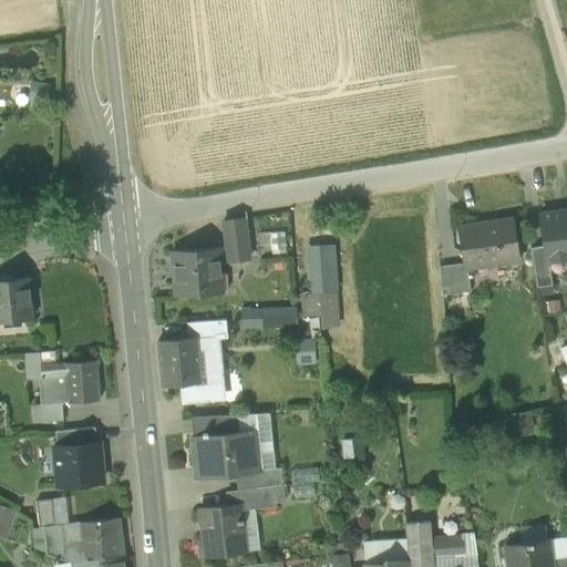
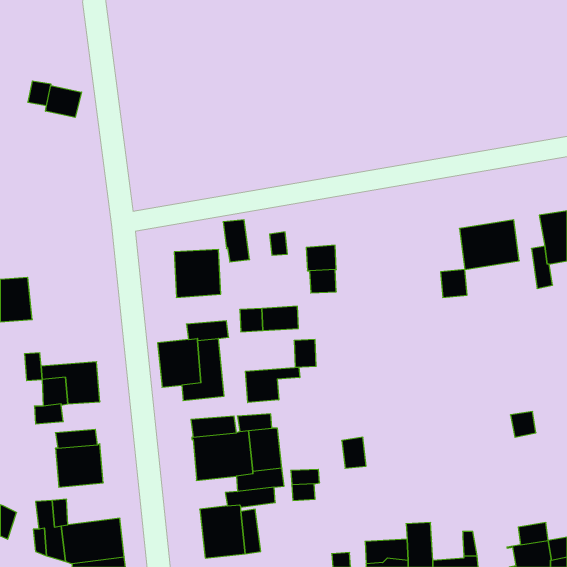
building: none -> [46,86,82,117]
building: [300,292,340,329] -> none
building: none -> [245,367,300,403]
building: [431,536,463,559] -> none

